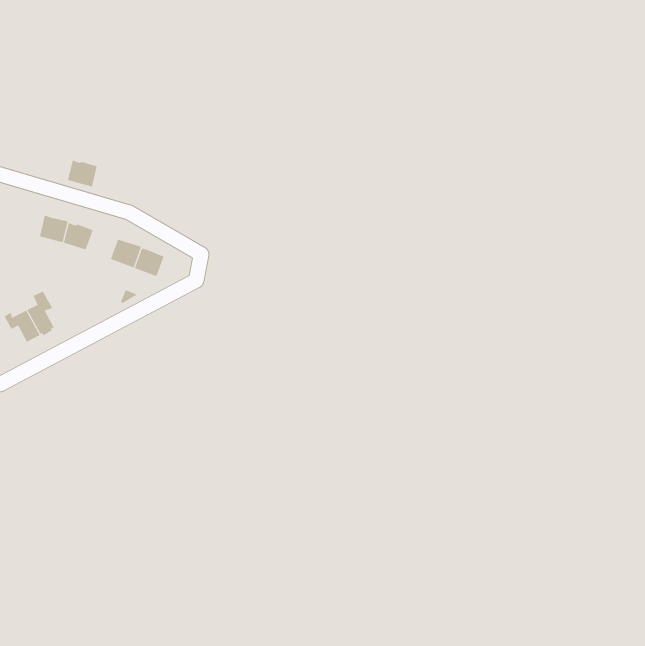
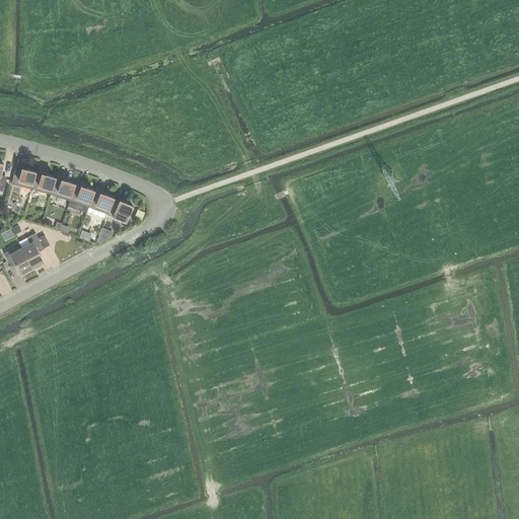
building: [67,160,97,188] -> [12,167,36,190]
building: none -> [68,184,95,212]

